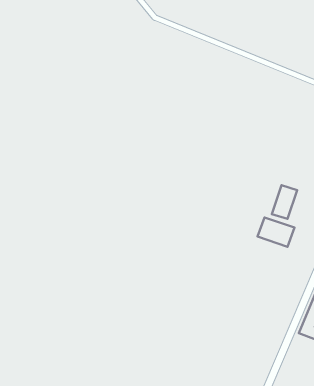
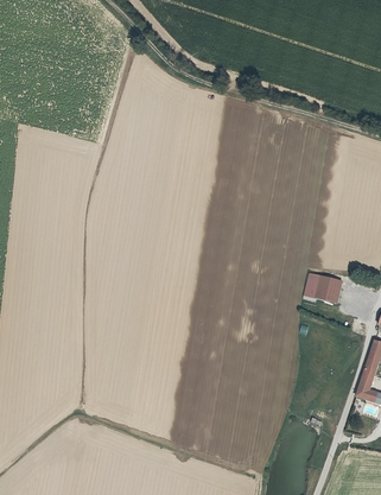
building: [272,185,297,219] -> none

